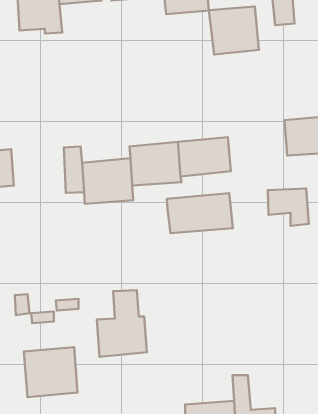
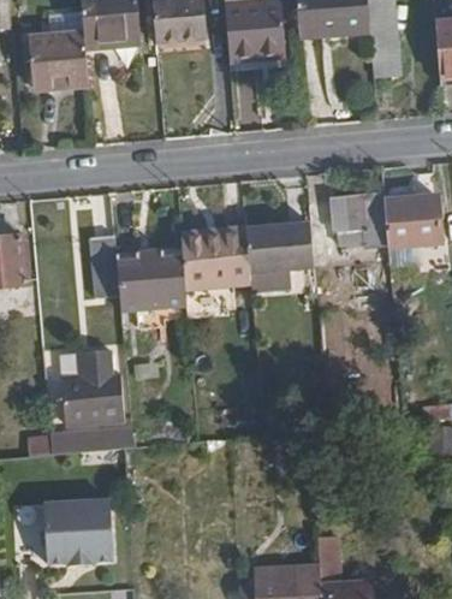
building: [209,7,259,54] -> none
building: [268,188,309,226] -> [334,200,388,249]
building: [167,193,233,233] -> none
building: [97,290,147,357] -> [57,338,123,426]

